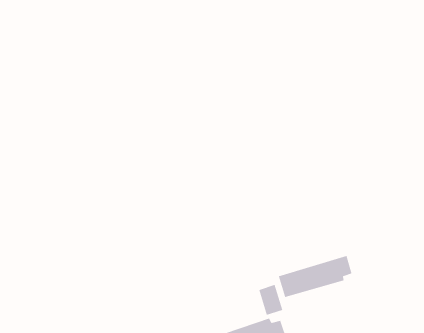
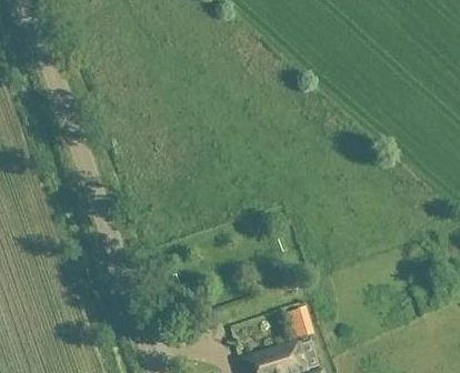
building: [278,255,352,298] -> none

